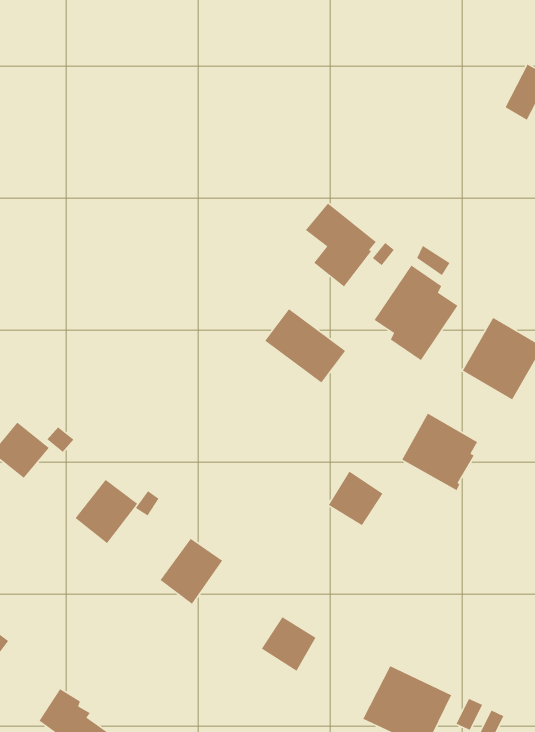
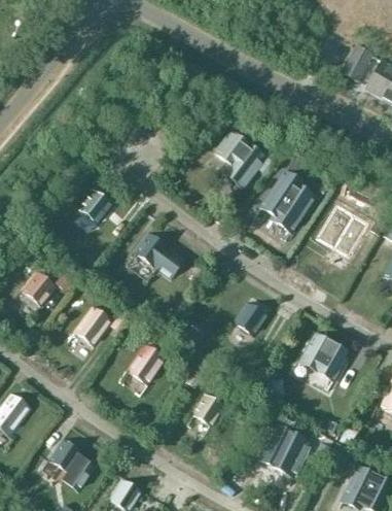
building: none -> [78,189,113,223]
building: [264,308,346,383] -> [134,232,185,279]
building: [401,413,478,491] -> [299,333,348,382]

